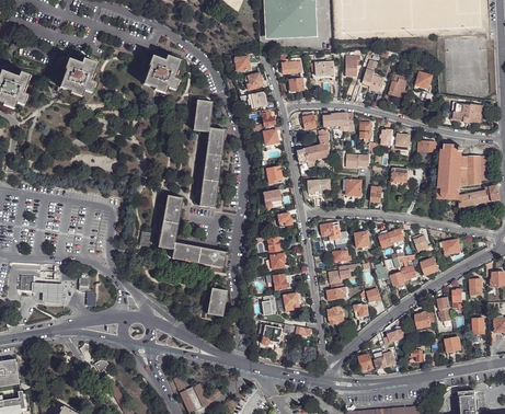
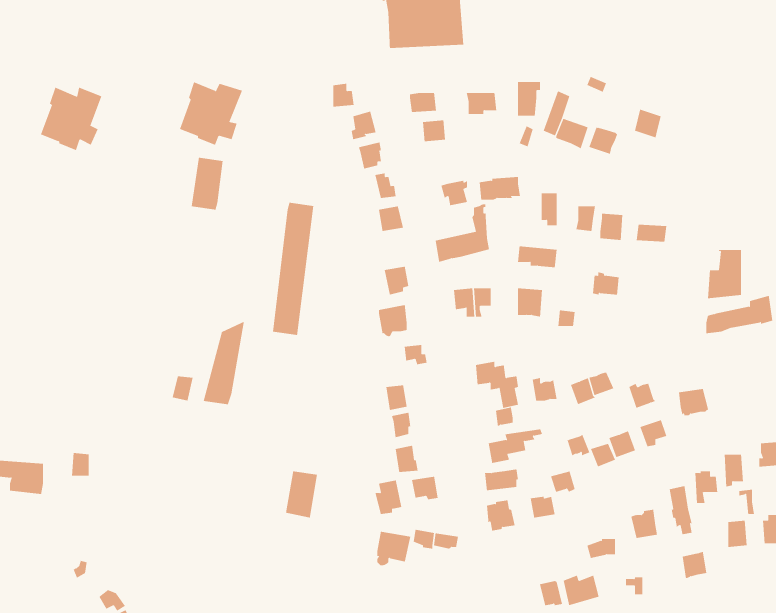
building: [192,100,211,131] -> [191,157,224,210]
building: [451,102,484,122] -> none
building: [437,143,467,199] -> none
building: [171,242,226,267] -> none

